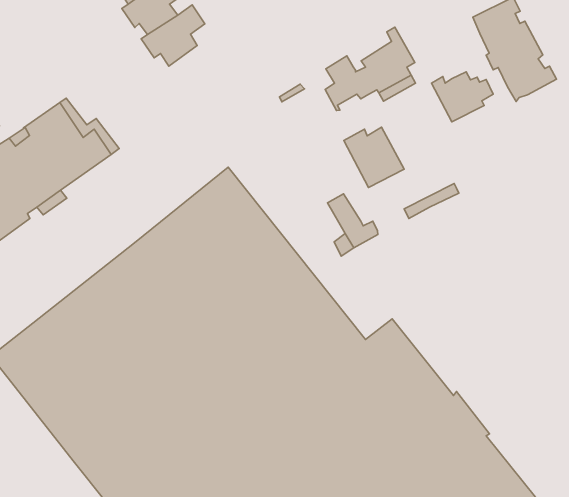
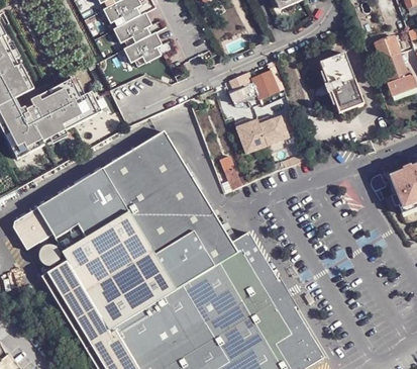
building: [431,72,493,122] -> [258,116,294,145]

